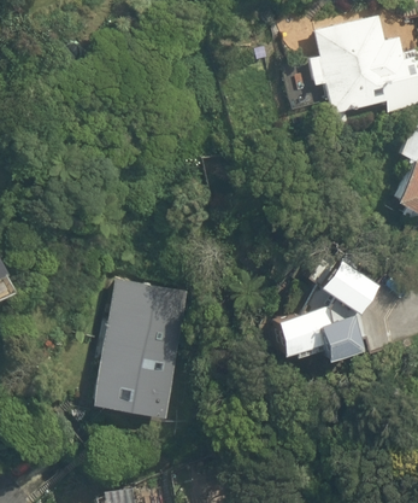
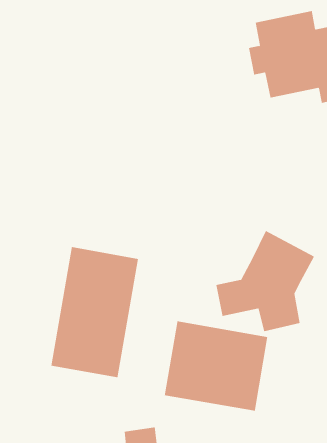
building: none -> [164,321,268,412]

